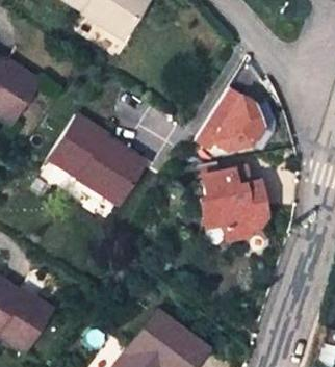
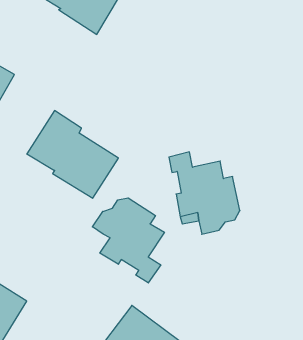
building: [196,85,260,155] -> none
building: none -> [92,198,164,283]

